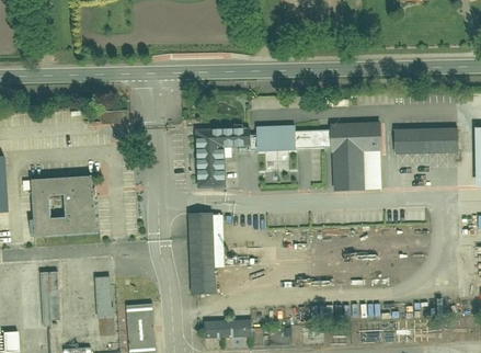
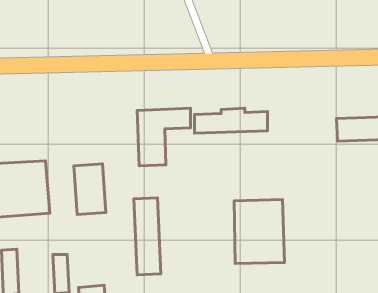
building: [333,123,387,191] -> [234,200,284,263]
building: none -> [74,164,106,214]

